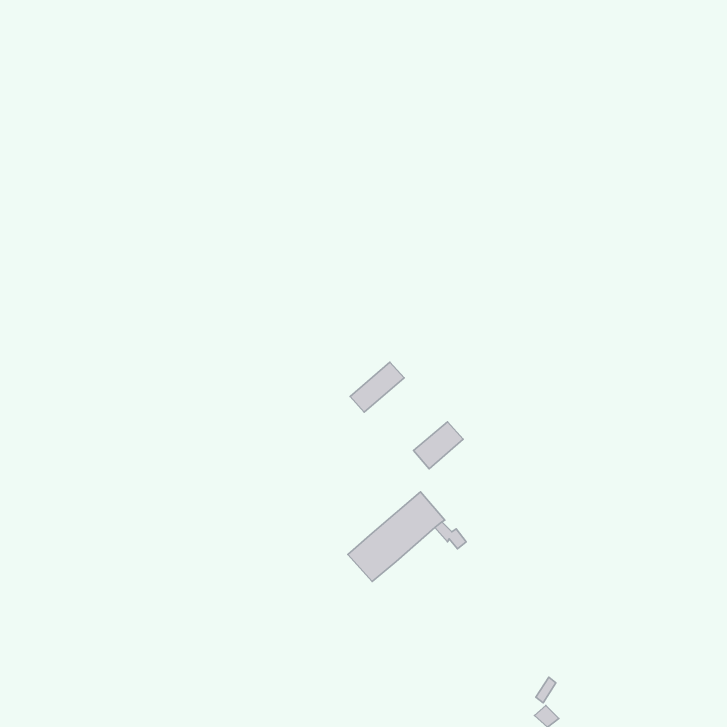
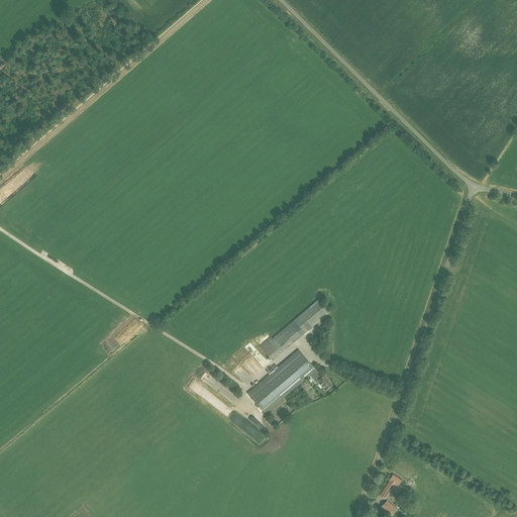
building: [350,362,404,412] -> [261,323,299,358]

